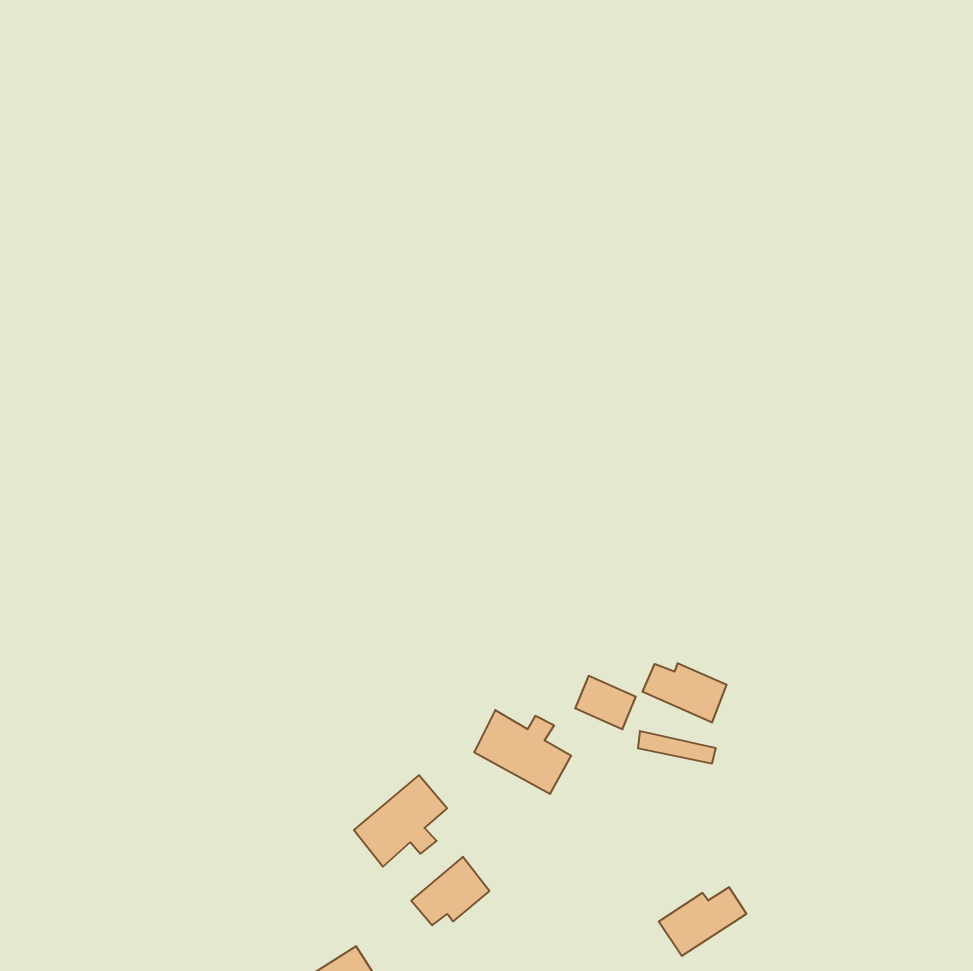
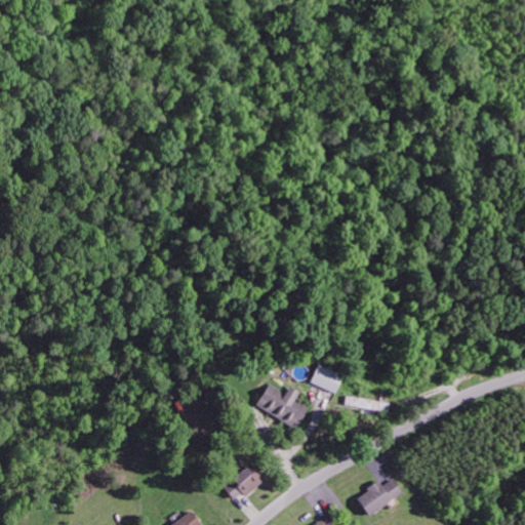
building: [642,663,727,723] -> none
building: [354,775,447,867] -> none

